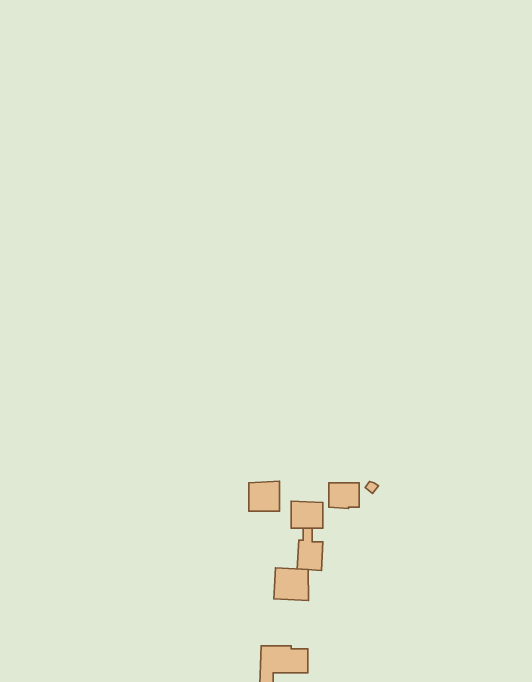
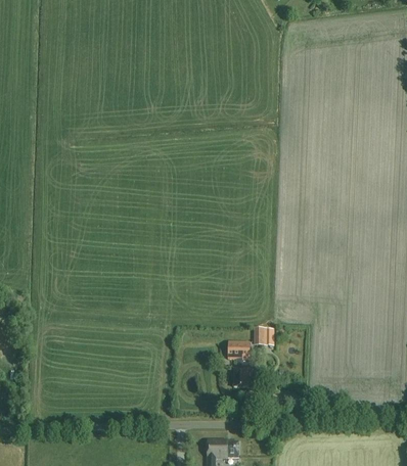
building: [249,481,279,511] -> none
building: [274,568,309,600] -> none

